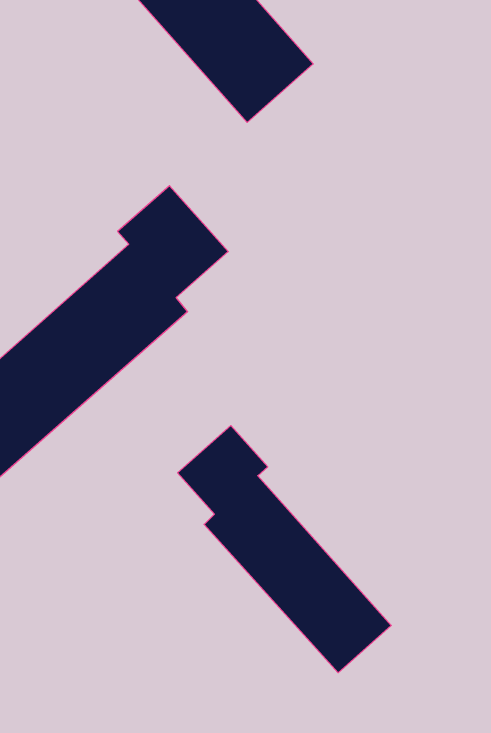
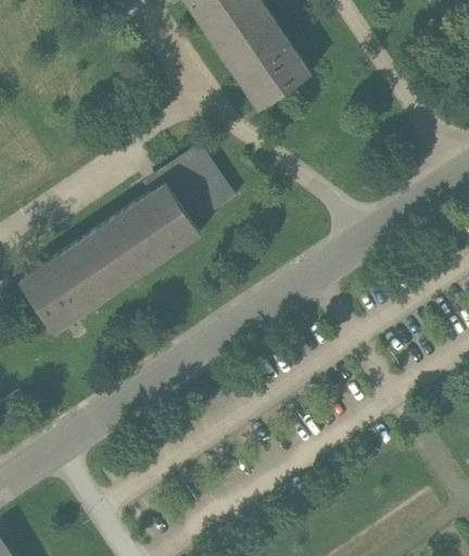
building: [178,426,391,673] -> none

